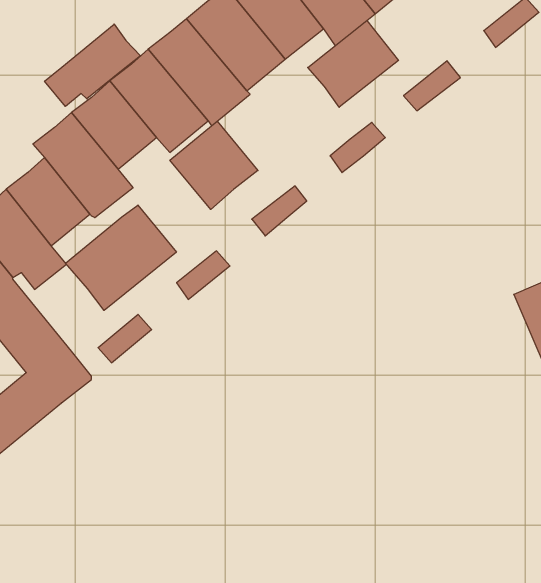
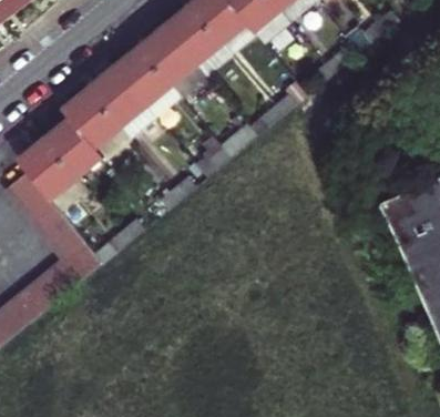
building: [308,21,398,107] -> none
building: [45,24,141,106] -> none
building: [170,121,258,209] -> none
building: [66,205,176,310] -> none

